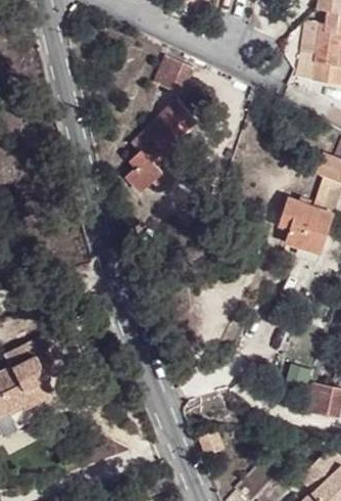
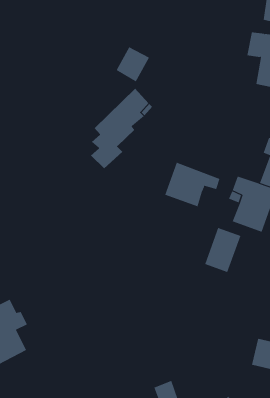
building: none -> [164,162,220,207]
building: none -> [204,227,241,273]

